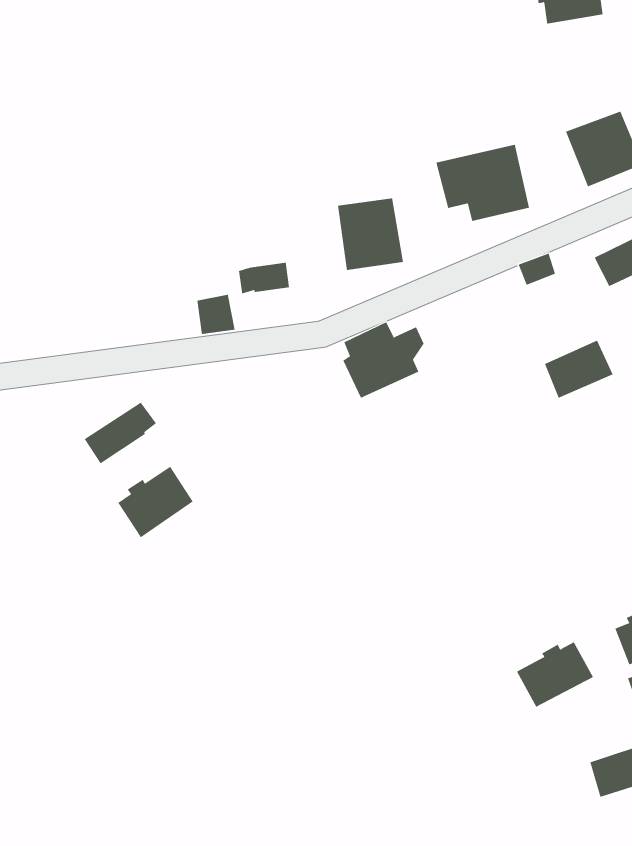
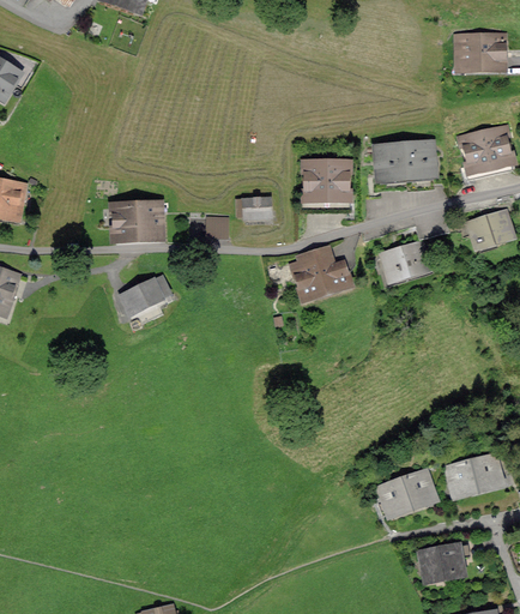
building: none -> [114,203,159,239]
building: [544,340,613,399] -> [383,243,428,278]
building: [118,466,194,538] -> none

